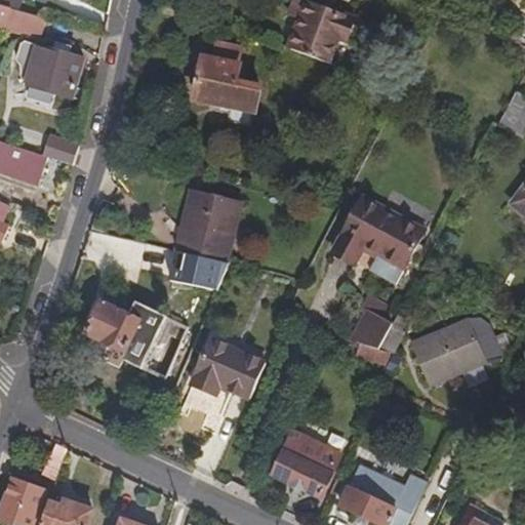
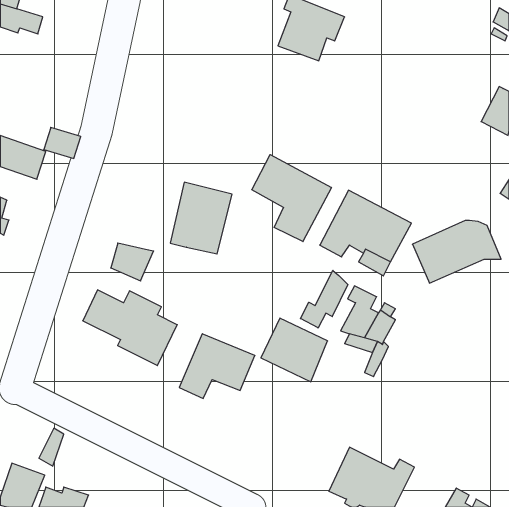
building: [16,38,81,98] -> none
building: [192,42,258,128] -> none
building: none -> [252,155,331,242]
building: [185,254,229,293] -> [111,243,154,281]
building: none -> [300,270,348,328]
building: [412,318,503,382] -> [412,220,501,283]
building: [272,433,340,498] -> [261,318,328,382]

